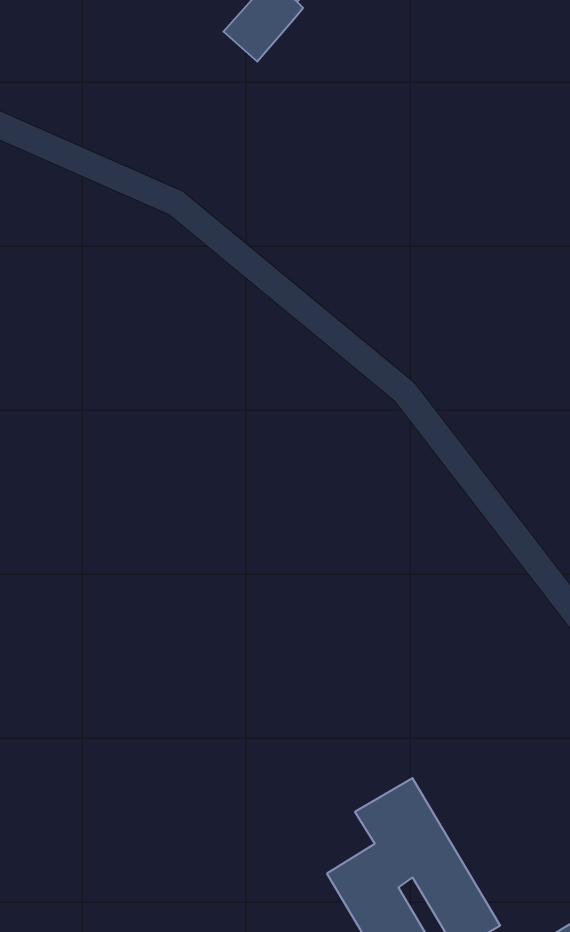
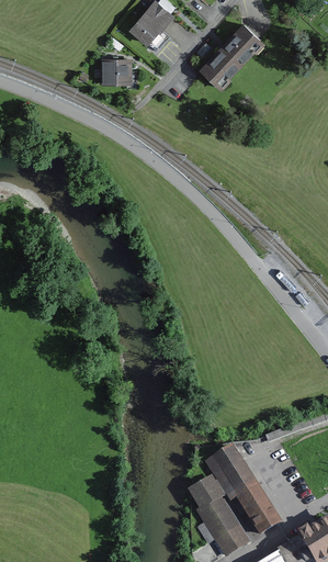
building: none -> [199,23,262,89]
building: none -> [101,59,132,86]

